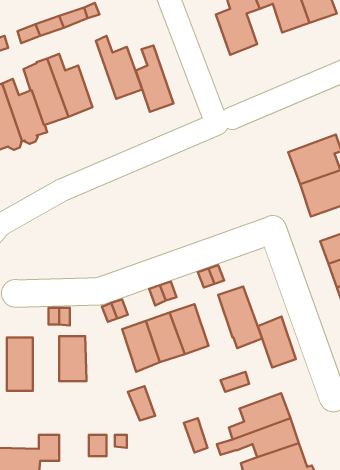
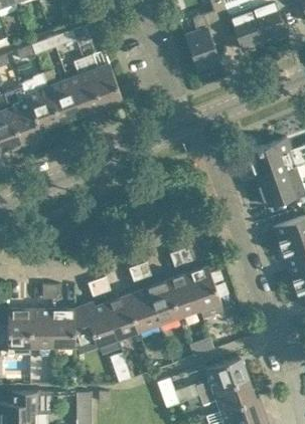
building: [136,45,174,112] -> [68,58,101,115]
building: [258,317,296,368] -> [167,273,199,316]
building: none -> [74,302,118,346]
building: none -> [30,308,52,347]

